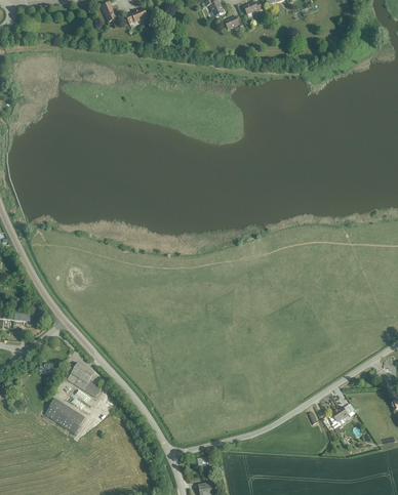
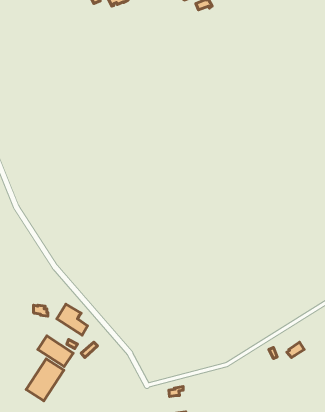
building: none -> [26,359,64,401]

